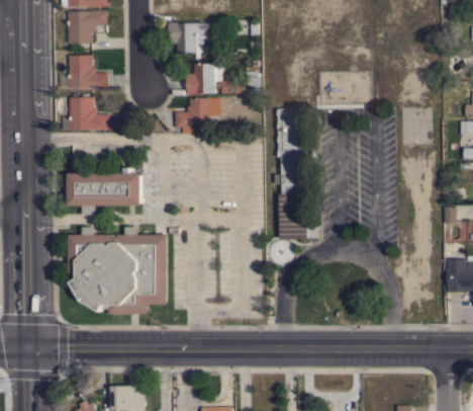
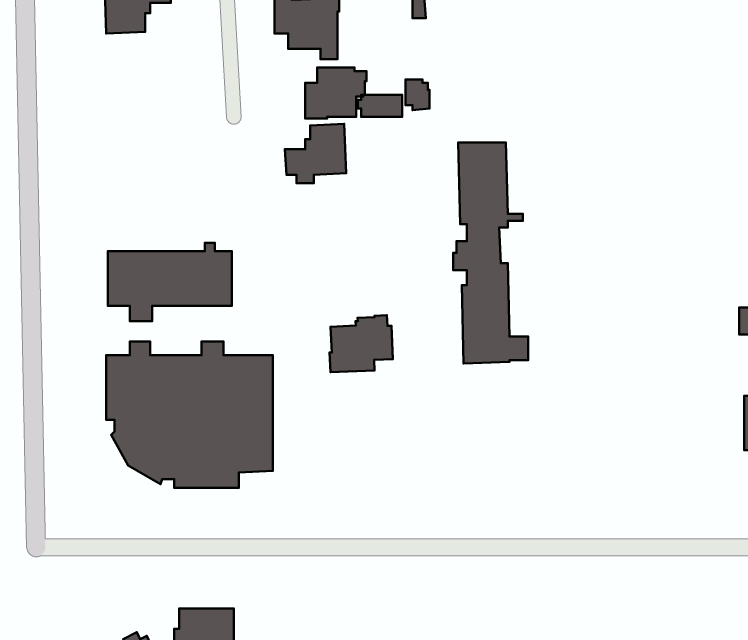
building: [68,55,108,88] -> none
building: [69,97,108,130] -> none
building: none -> [330,315,393,372]

